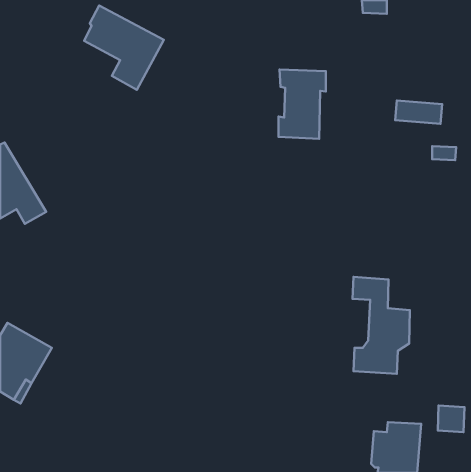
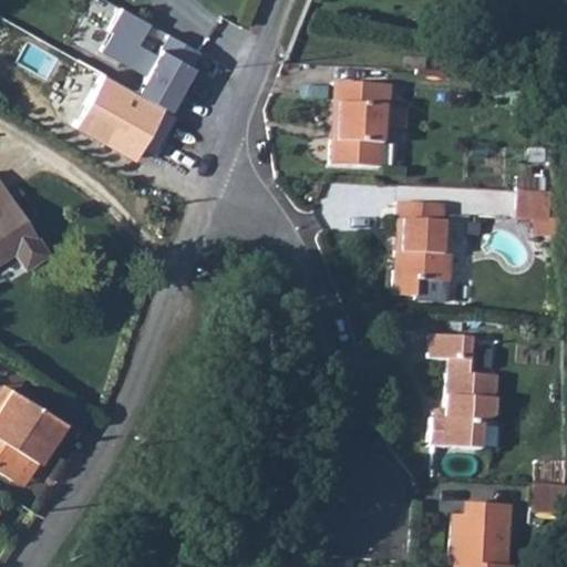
building: none -> [73,73,177,157]
building: [395,101,442,124] -> [462,189,518,217]
building: none -> [528,194,559,226]
building: none -> [398,204,457,302]

